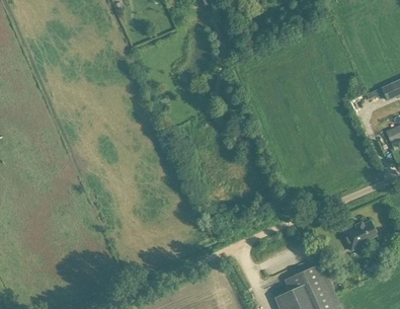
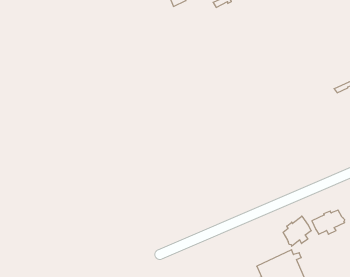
building: none -> [283,216,311,246]

